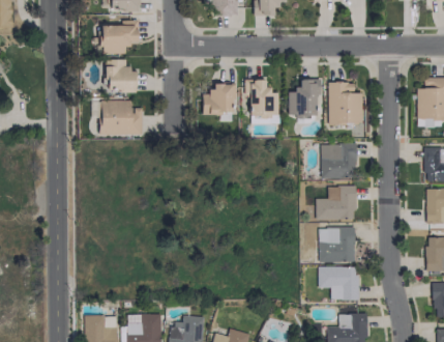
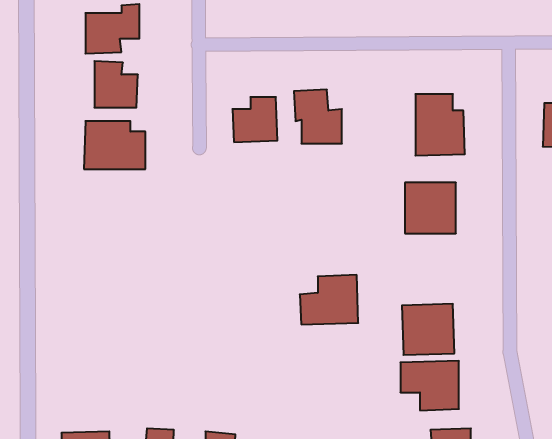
building: [289,79,322,116] -> none
building: [317,186,357,220] -> [300,275,358,324]

